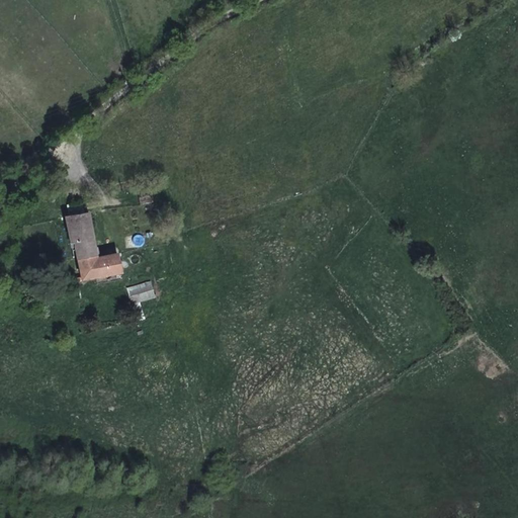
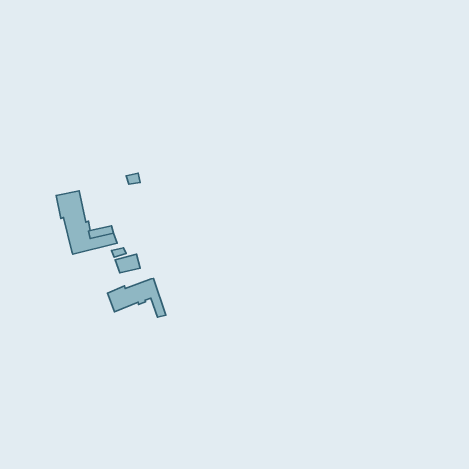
building: none -> [107,278,166,317]

